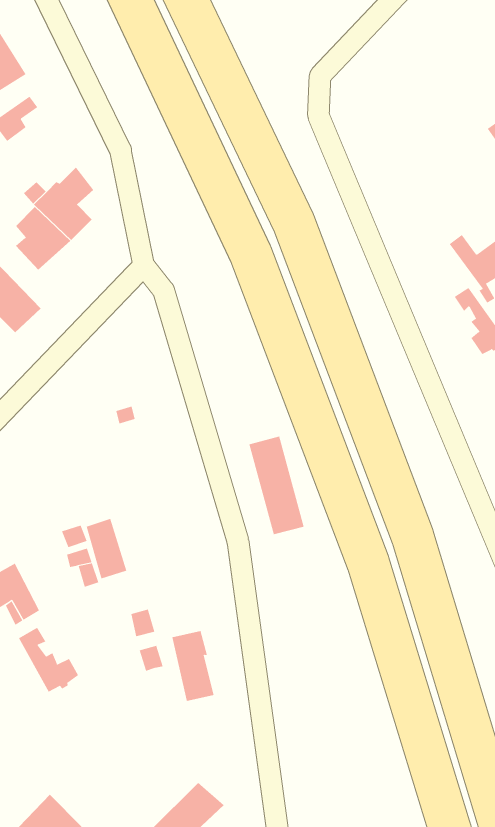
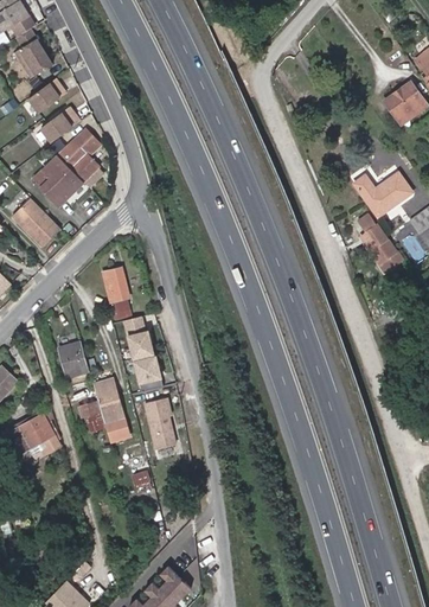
building: none -> [40,107,79,140]
building: none -> [103,269,129,301]
building: [248,436,305,535] -> [121,314,161,385]
building: none -> [60,344,89,378]
building: [18,627,79,692] -> none
building: [171,631,214,702] -> [145,400,175,451]

